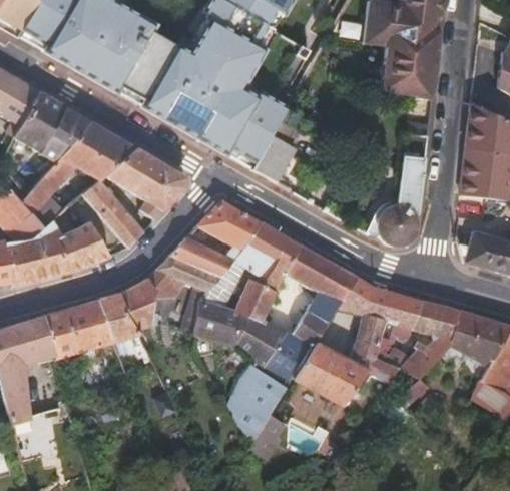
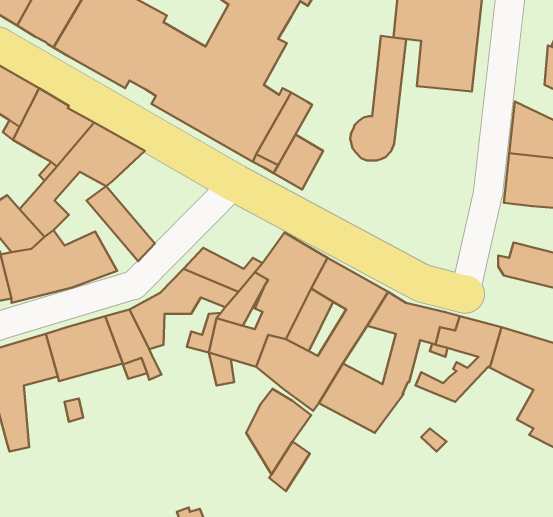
building: [377,132,428,246] -> [350,36,406,160]
building: [106,148,185,220] -> none
building: [198,199,263,251] -> none

